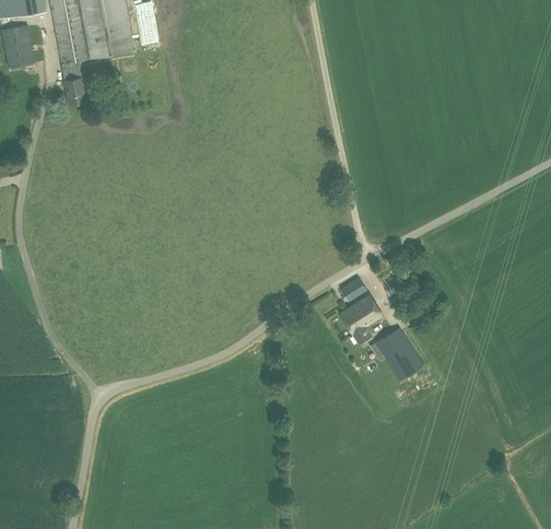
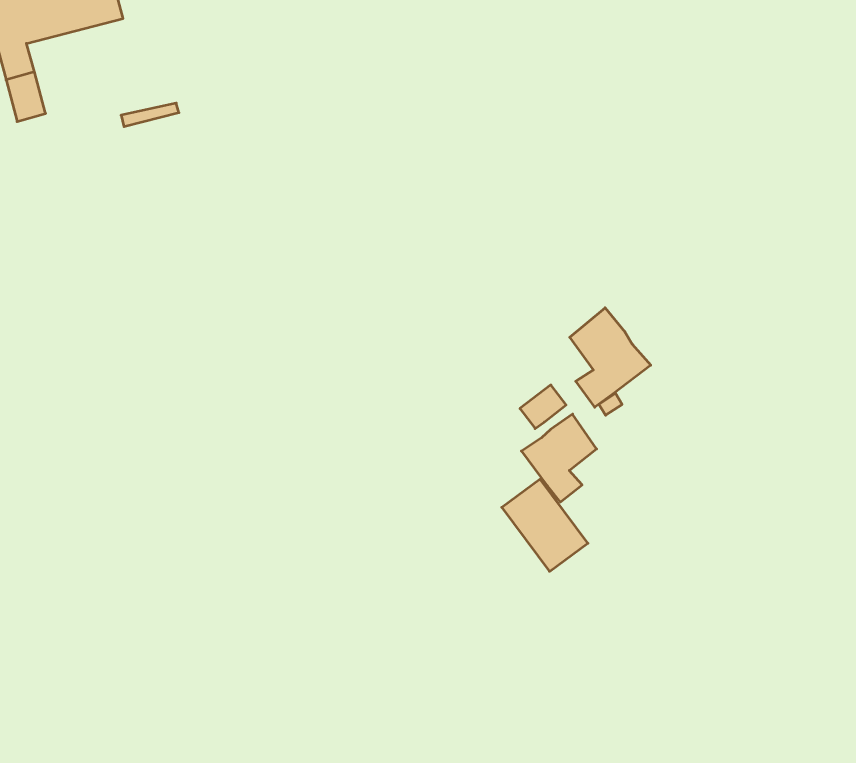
building: none -> [570,308,651,407]
building: [376,328,423,380] -> [502,479,588,571]

